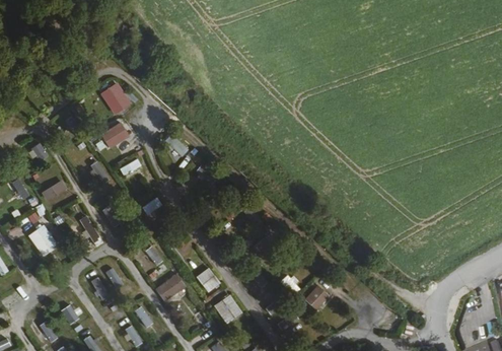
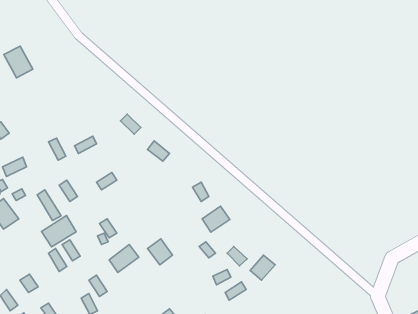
building: [101,82,132,116] -> [4,46,33,78]
building: [101,122,130,148] -> none
building: none -> [41,216,76,247]
building: [214,294,243,324] -> none

